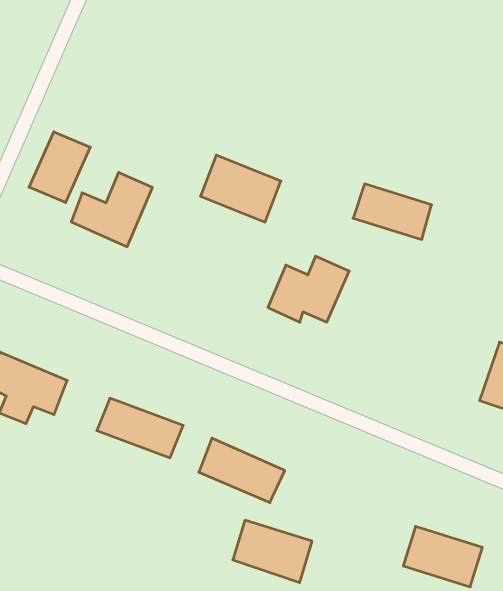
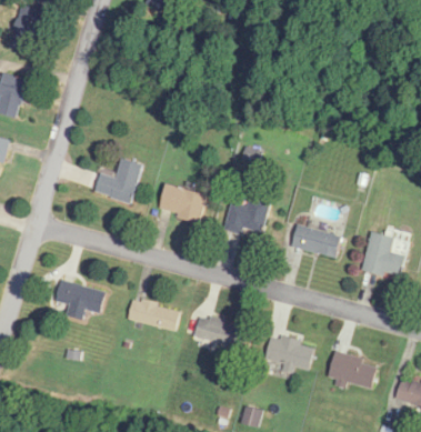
building: [29,132,90,203] -> none
building: [200,155,281,222] -> [158,182,207,220]
building: [353,184,432,239] -> [291,225,339,255]
building: [233,520,312,583] -> [265,335,313,370]

